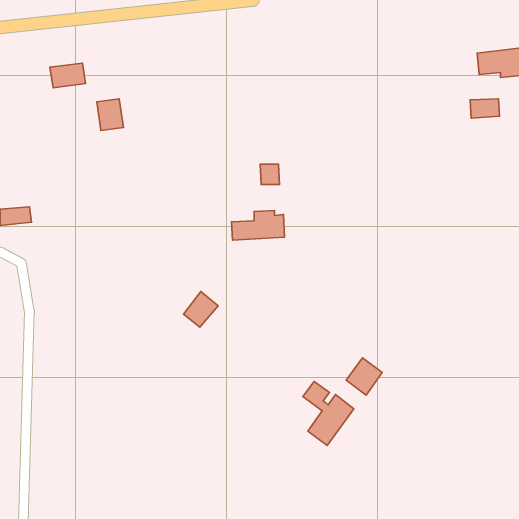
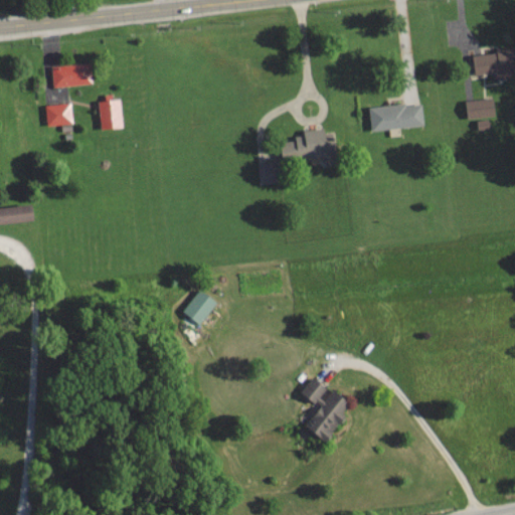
building: none -> [46,105,72,126]
building: none -> [369,105,424,131]
building: [232,211,285,240] -> [282,130,334,159]
building: [346,358,382,395] -> none

